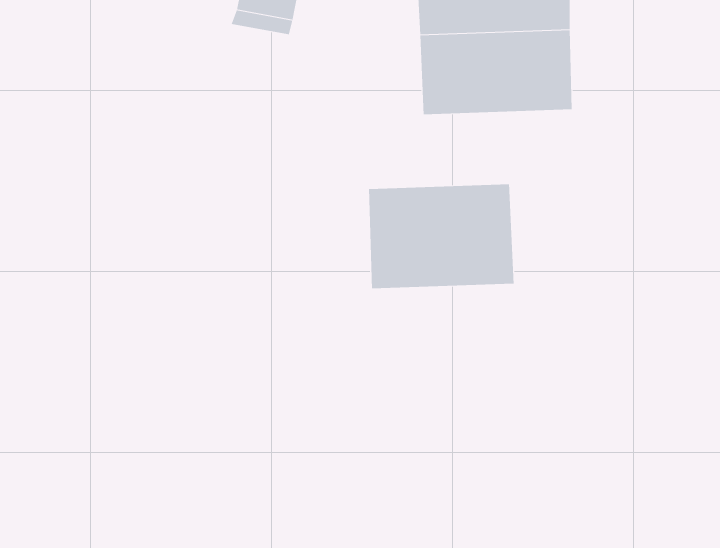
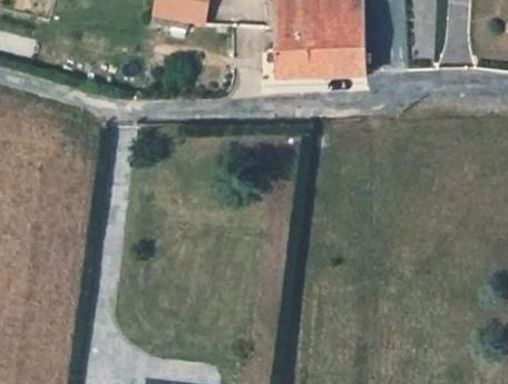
building: [369,184,514,289] -> none

